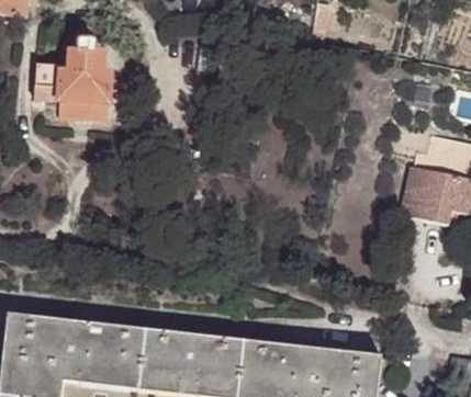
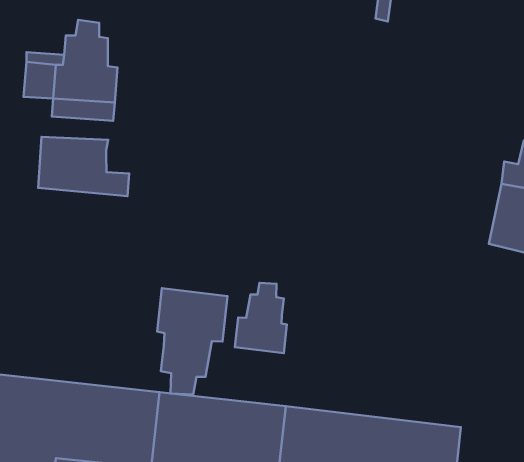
building: none -> [38,137,129,196]
building: none -> [235,283,287,353]
building: none -> [157,288,228,395]

